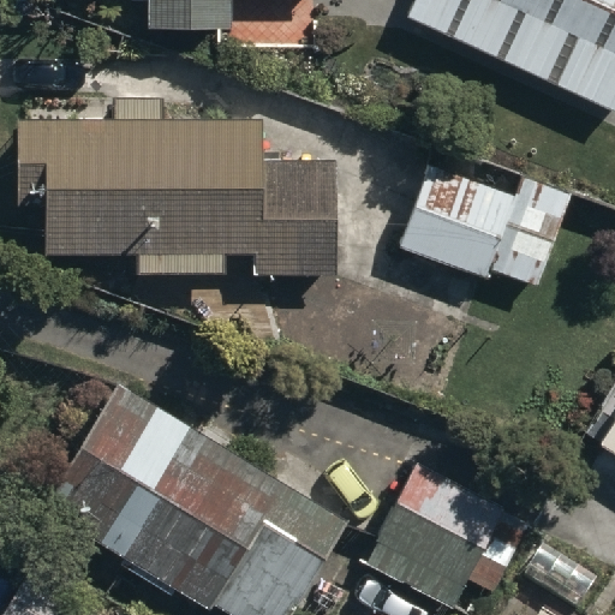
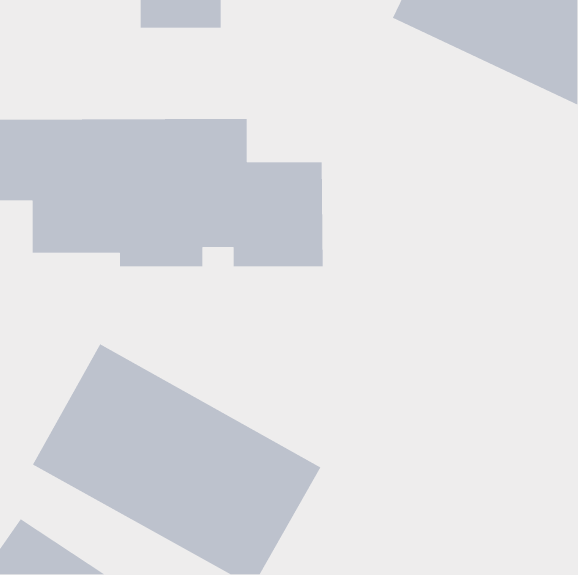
building: [401,165,572,288] -> none
building: [360,444,502,590] -> none

